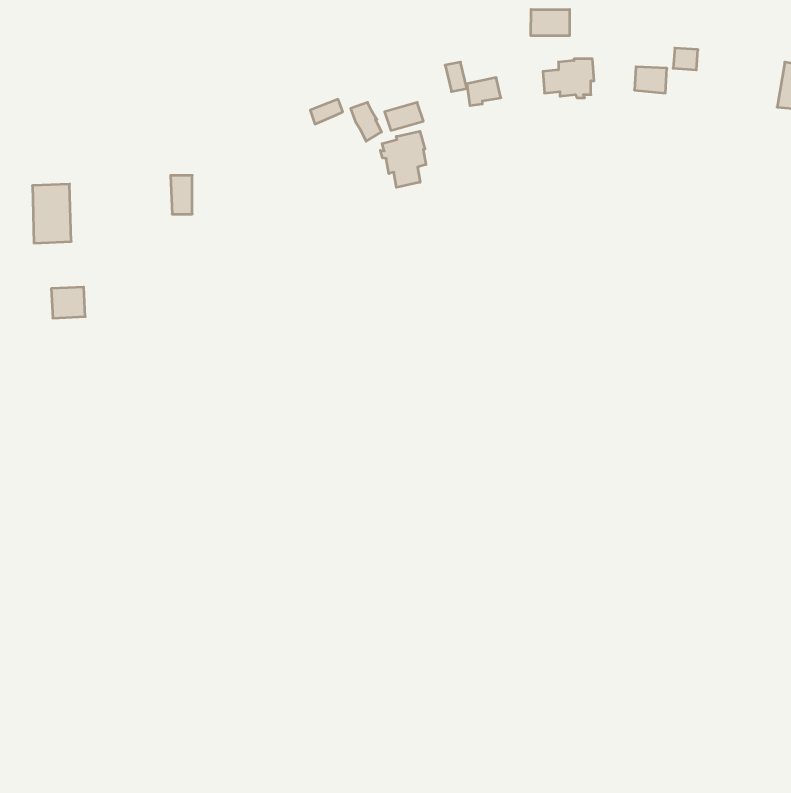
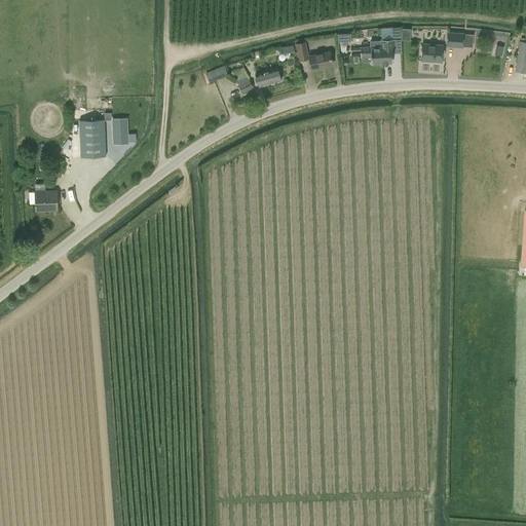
building: [531,9,570,36] -> none
building: [380,131,426,187] -> none
building: [32,184,71,243] -> [80,118,106,157]

